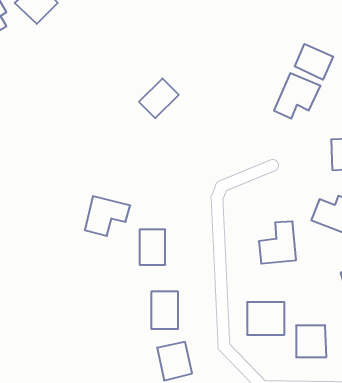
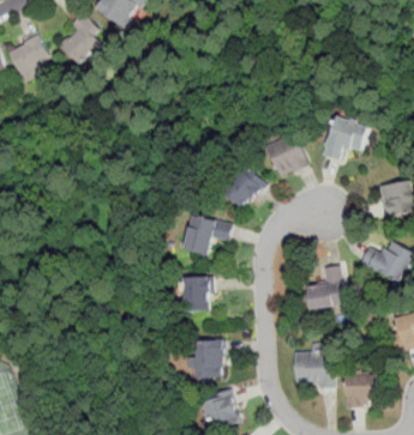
building: [295,44,333,80] -> none
building: [139,78,179,118] -> [227,169,268,210]
building: none -> [266,134,308,177]
building: [85,196,130,236] -> [186,216,233,256]

